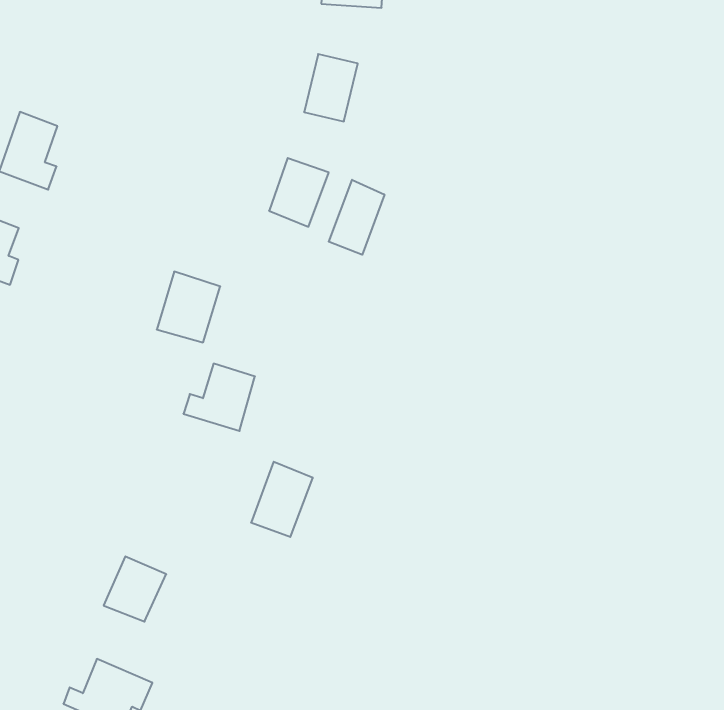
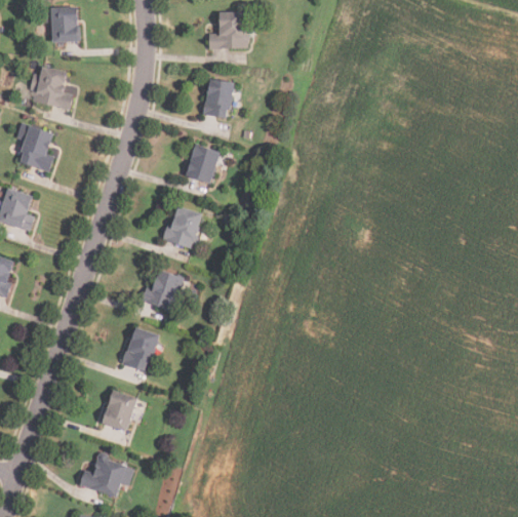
building: none -> [31,66,73,109]
building: [329,180,384,255] -> none
building: [157,272,220,342] -> [164,205,201,247]
building: [251,462,313,537] -> [122,326,158,371]

